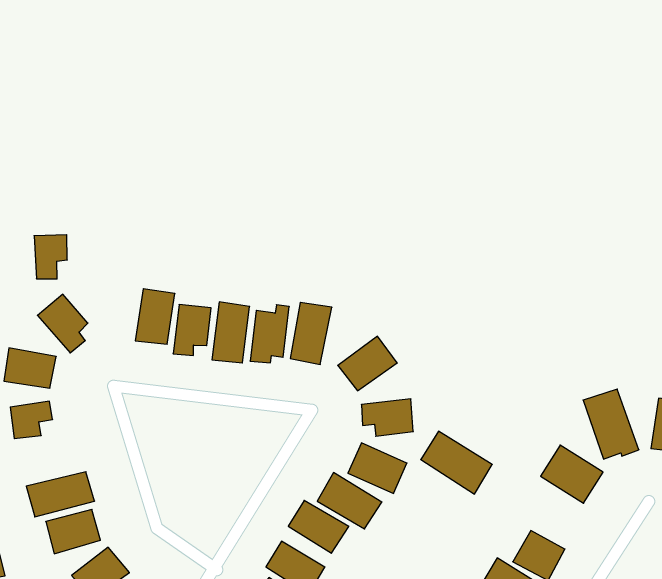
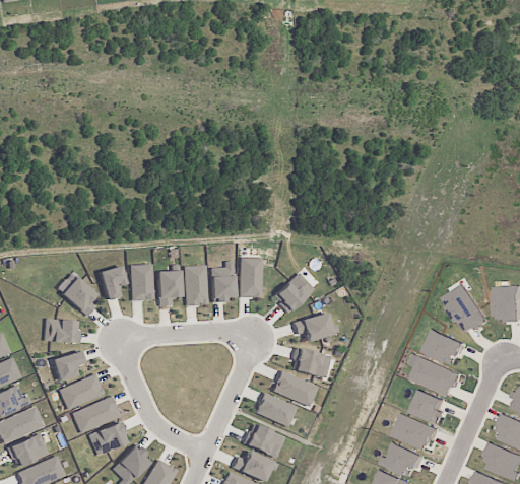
building: [34,235,67,279] -> [100,267,125,300]
building: [421,431,492,494] -> [413,356,463,396]
building: none -> [58,374,104,410]

